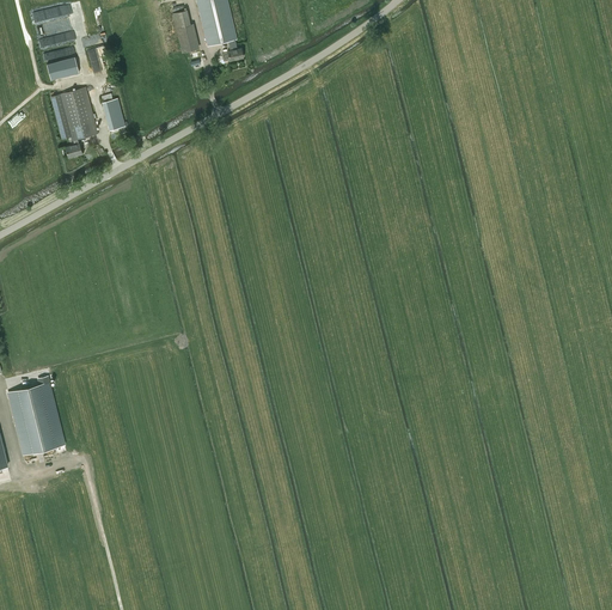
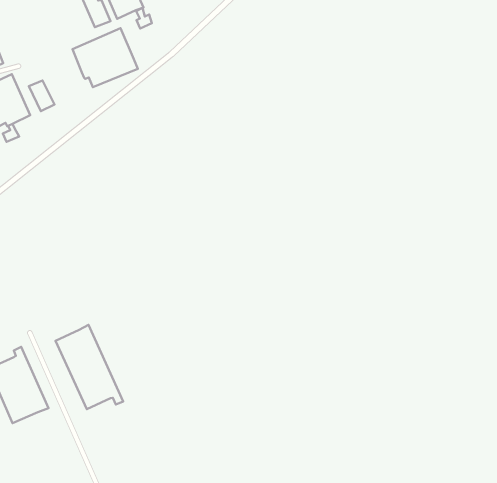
building: none -> [73,28,138,87]
building: none -> [56,325,123,409]

